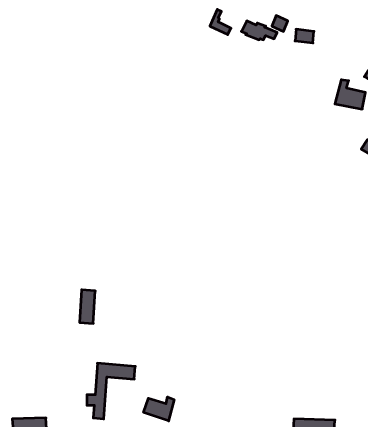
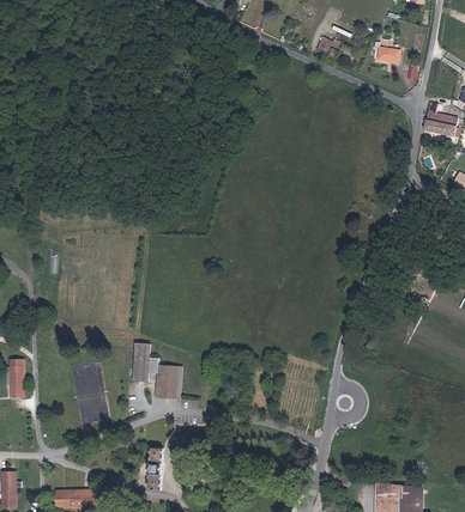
building: none -> [155,365,180,397]
building: [144,397,174,421] -> none

